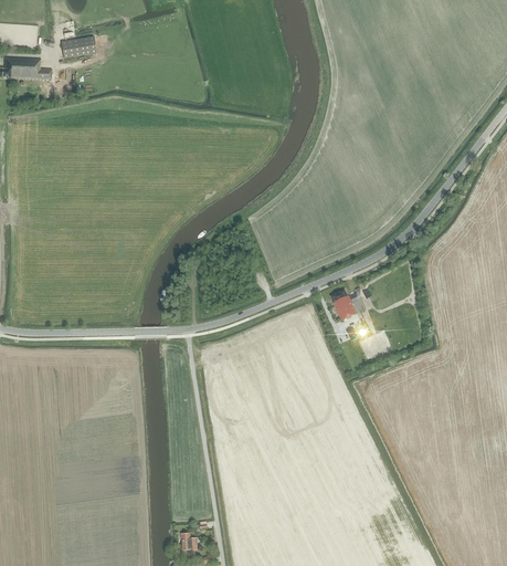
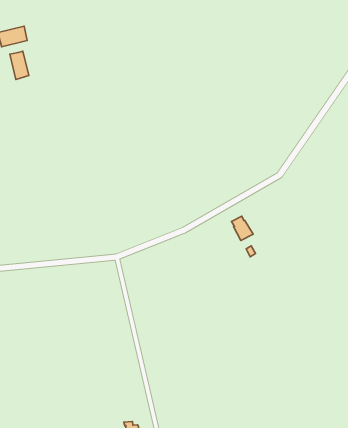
building: none -> [10,51,29,79]

